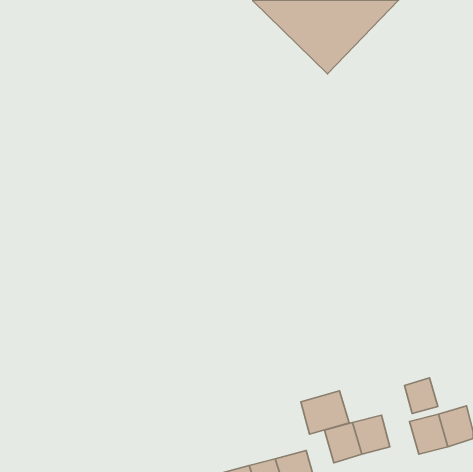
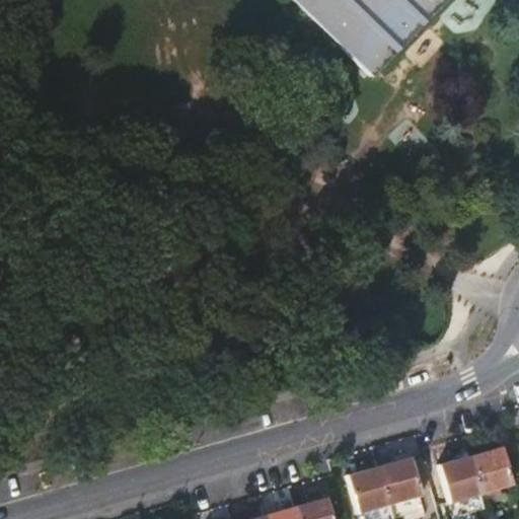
building: [404,378,438,413] -> none
building: [301,391,349,434] -> none

